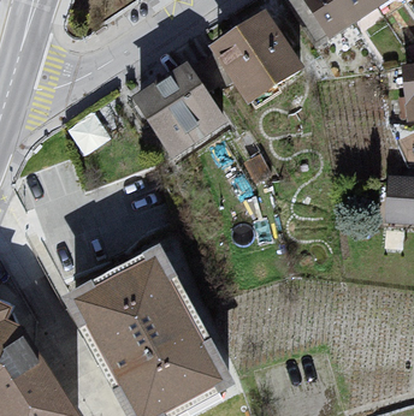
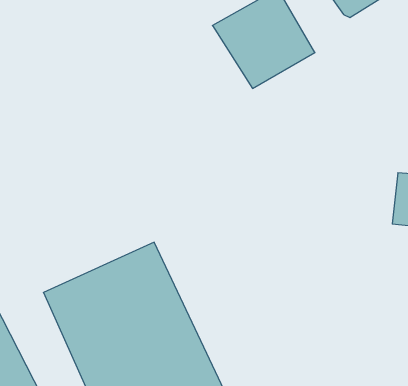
building: [134,64,227,161] -> none

